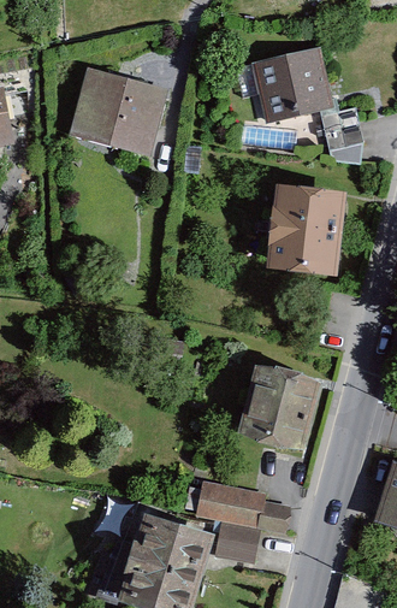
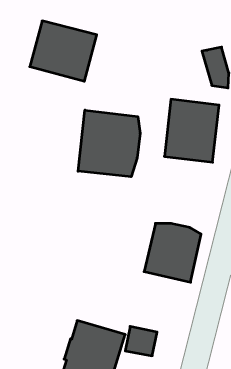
building: [253,49,330,128] -> none
building: none -> [78,110,140,177]
building: [190,479,285,532] -> none

